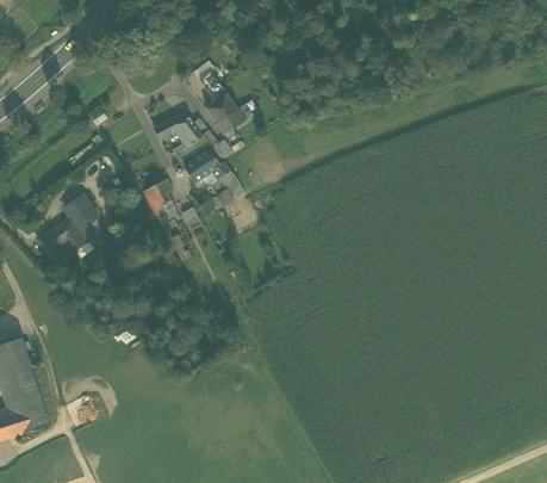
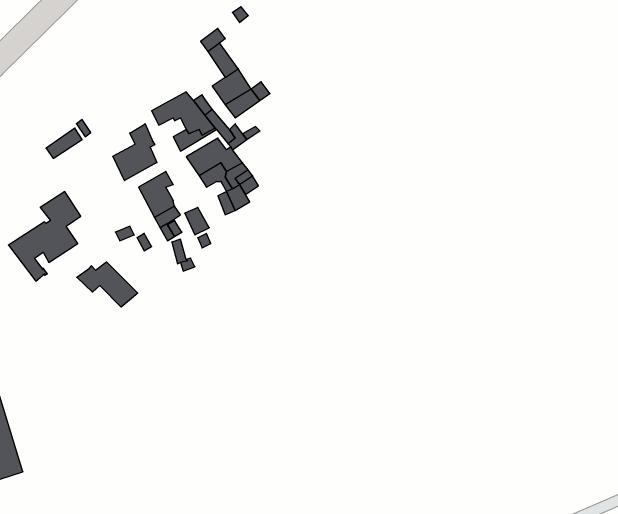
building: none -> [113,124,157,181]
building: none -> [77,262,138,307]

